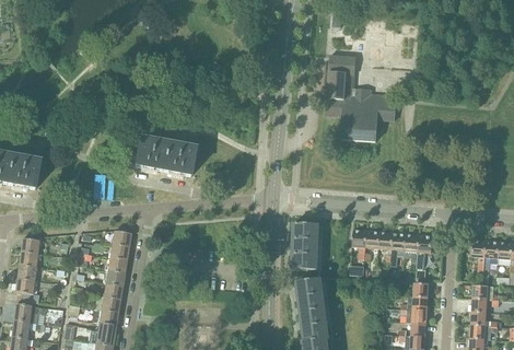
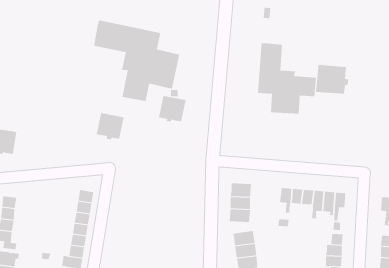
building: none -> [94,19,180,102]
building: none -> [316,64,349,94]
building: [162,143,196,175] -> [158,95,187,122]

